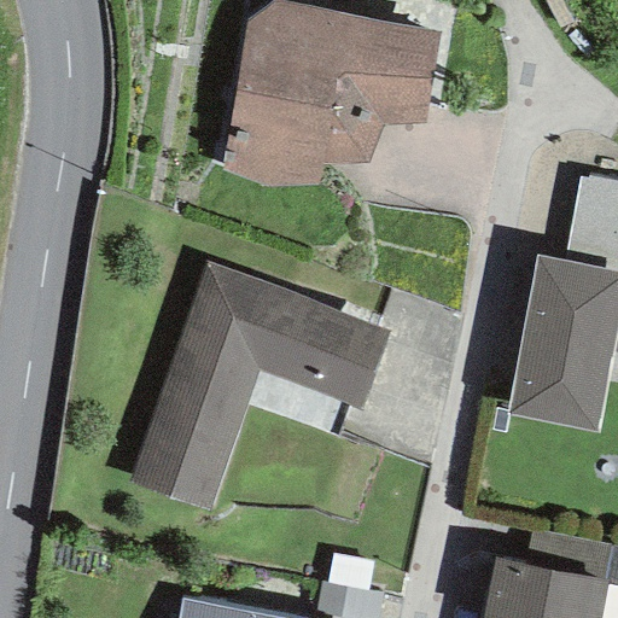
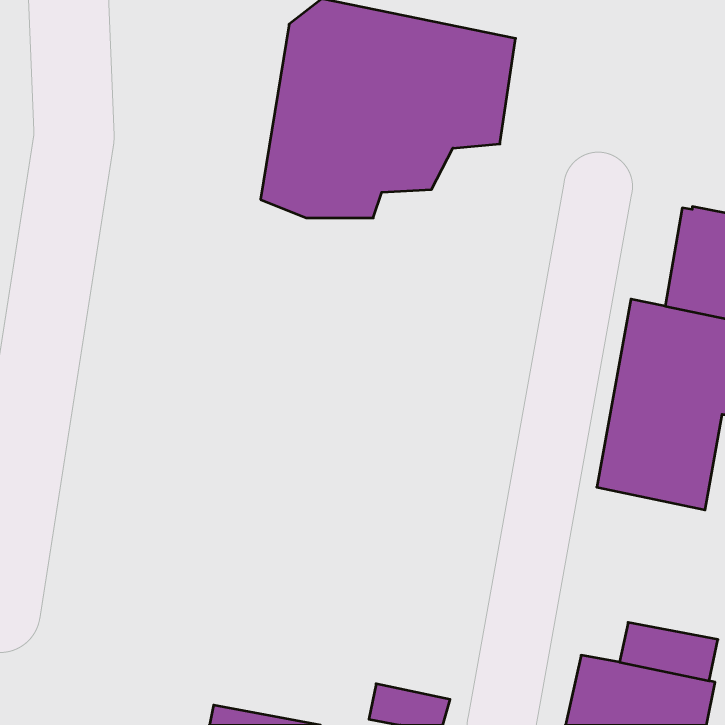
building: [132,261,389,509] -> none

